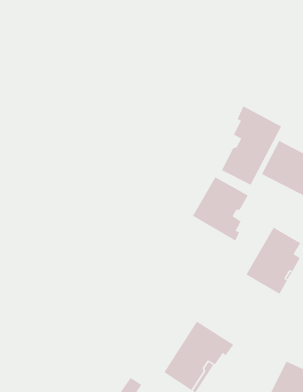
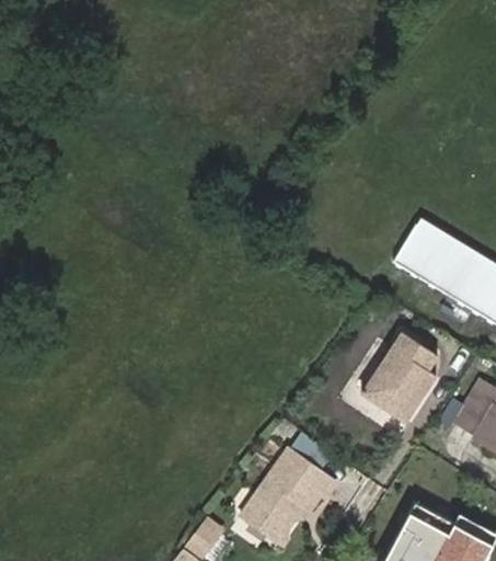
building: [221,106,282,186] -> none
building: [192,176,249,242] -> none

